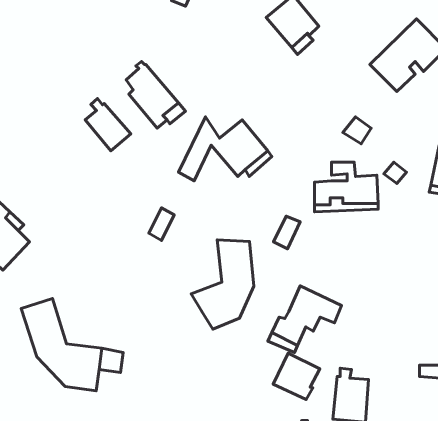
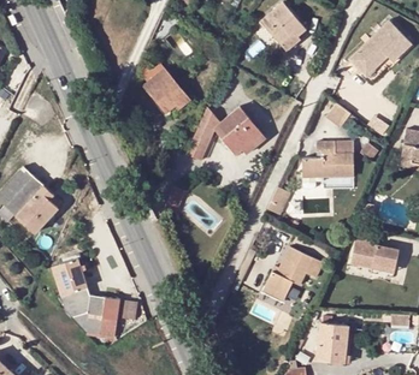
building: [85,98,131,151] -> none
building: [191,240,254,329] -> none
building: none -> [348,230,396,267]
building: [273,353,320,400] -> none

